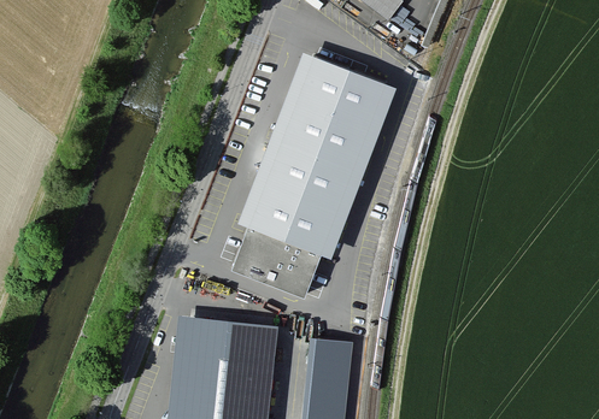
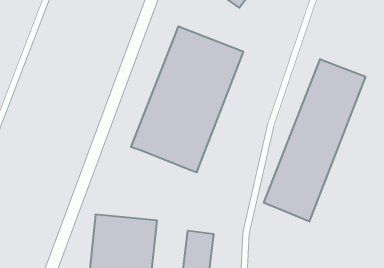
building: none -> [264,59,365,222]
building: [233,226,321,297] -> none

